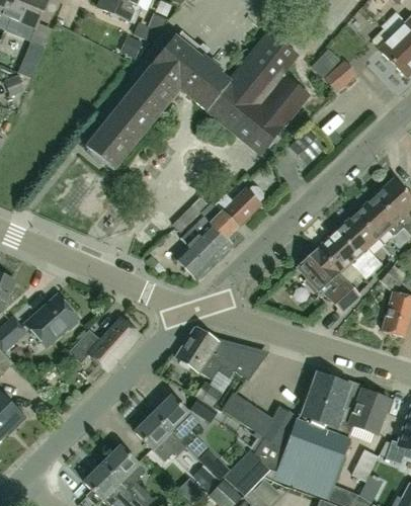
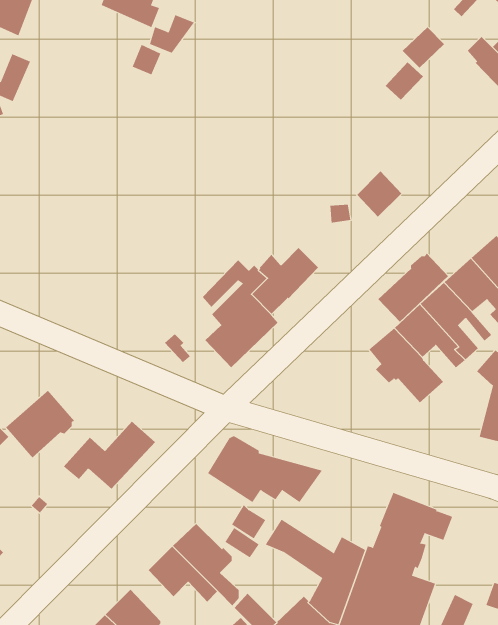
building: [86,28,311,167] -> none
building: [326,59,358,90] -> [402,27,445,68]
building: none -> [378,253,449,322]
building: [338,390,389,434] -> none

